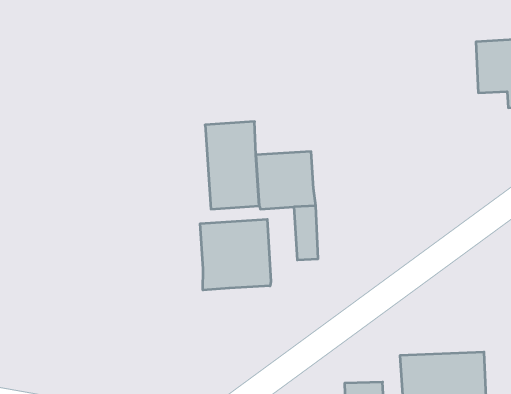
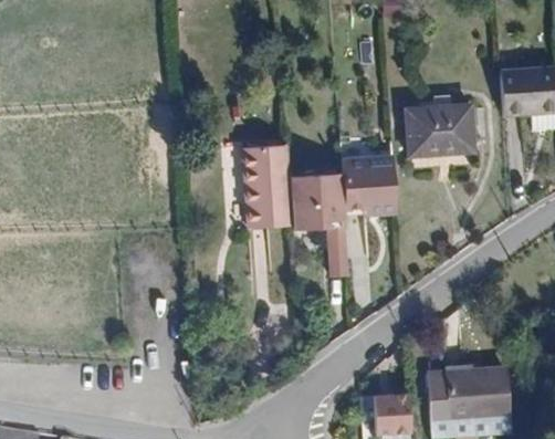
building: none -> [404,102,478,158]
building: none -> [342,156,397,215]
building: [200,219,271,290] -> none

